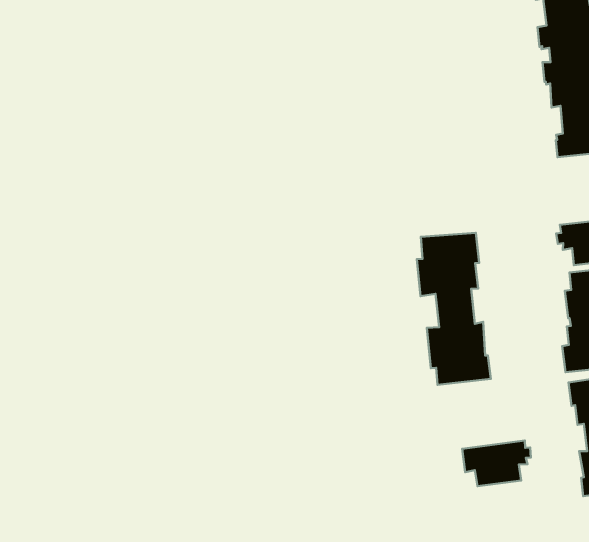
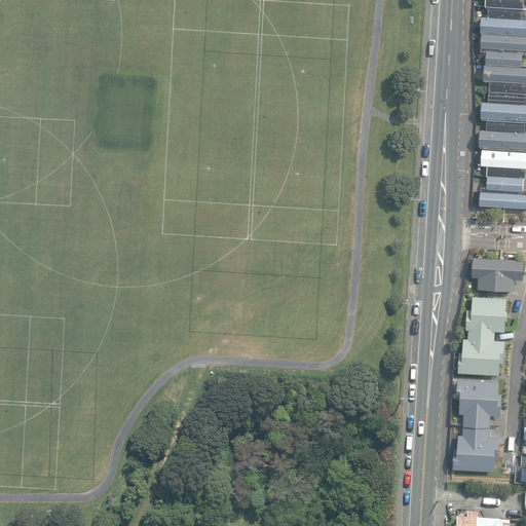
building: [417,233,491,385] -> none
building: [462,441,531,486] -> none

